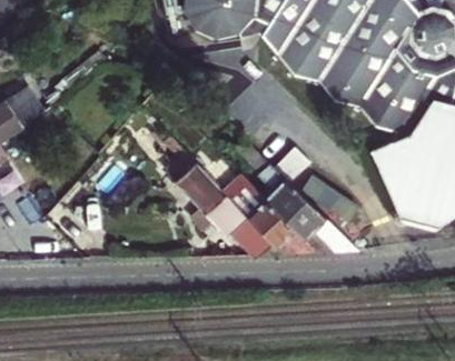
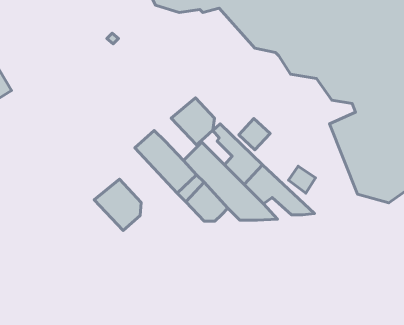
building: none -> [171,98,215,145]
building: none -> [94,179,141,230]

